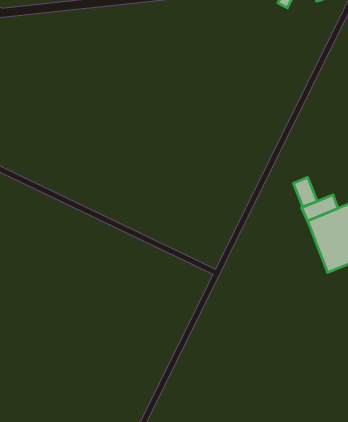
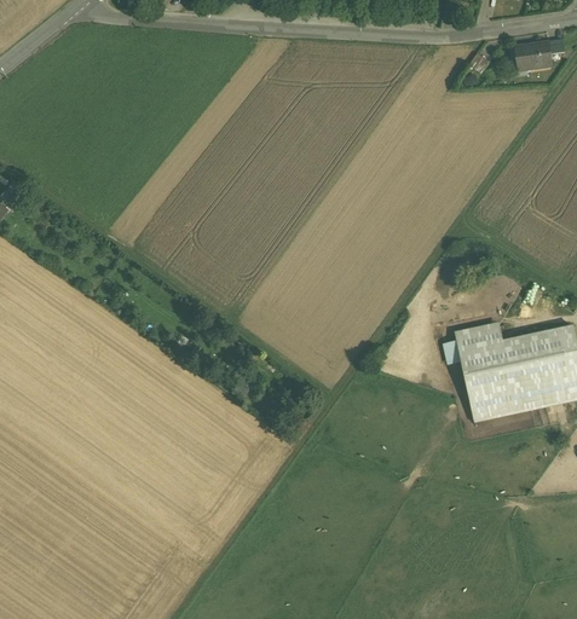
building: [294,177,317,207] -> none

